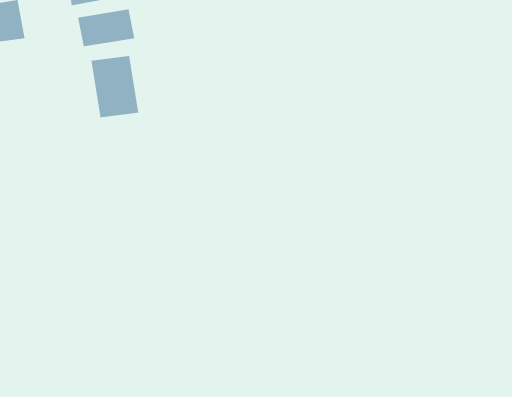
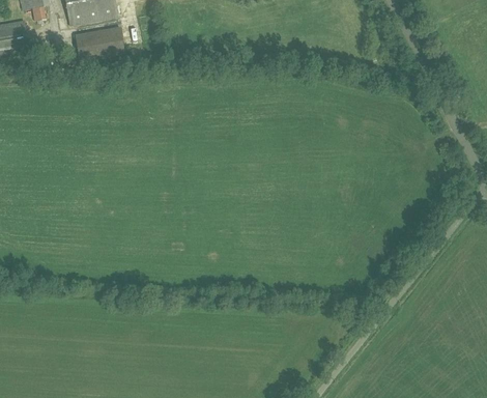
building: [90,55,139,118] -> none

